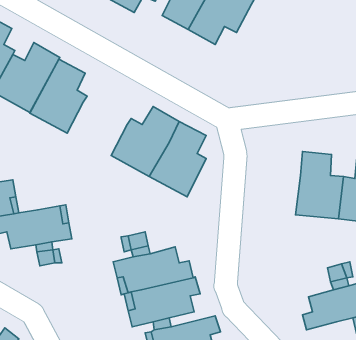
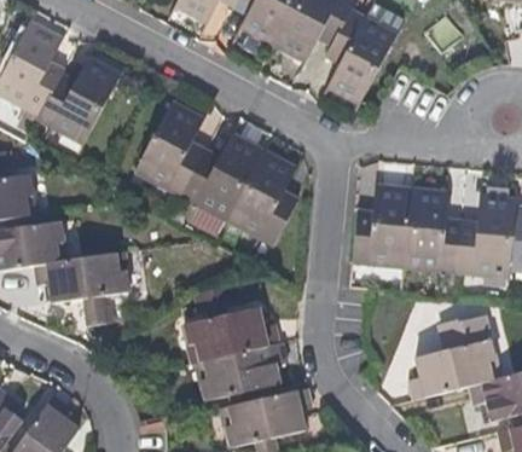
building: none -> [325,11,395,100]
building: [30,59,87,133] -> [135,104,204,193]
building: none -> [350,186,411,265]

